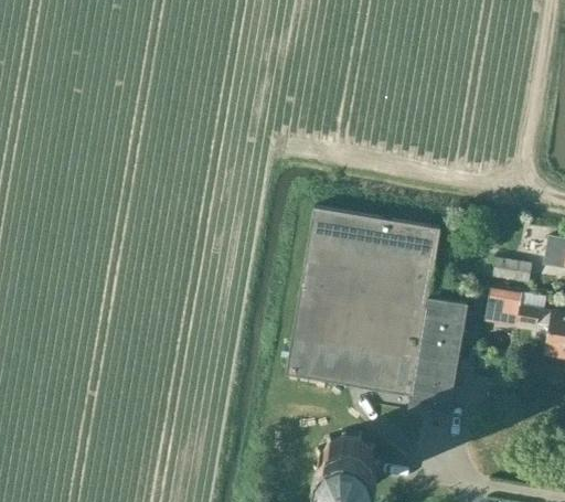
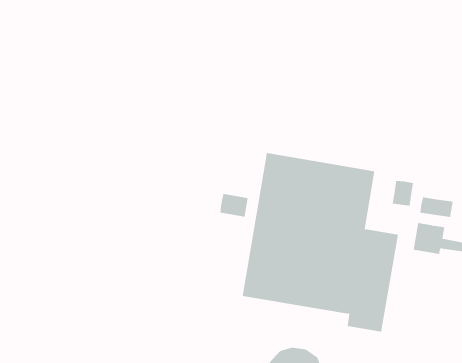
building: none -> [392,180,413,207]
building: none -> [220,193,248,218]

